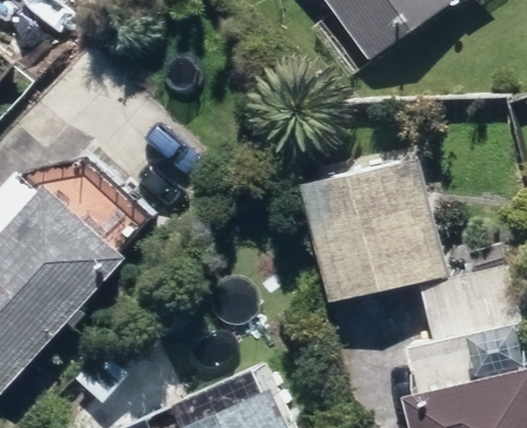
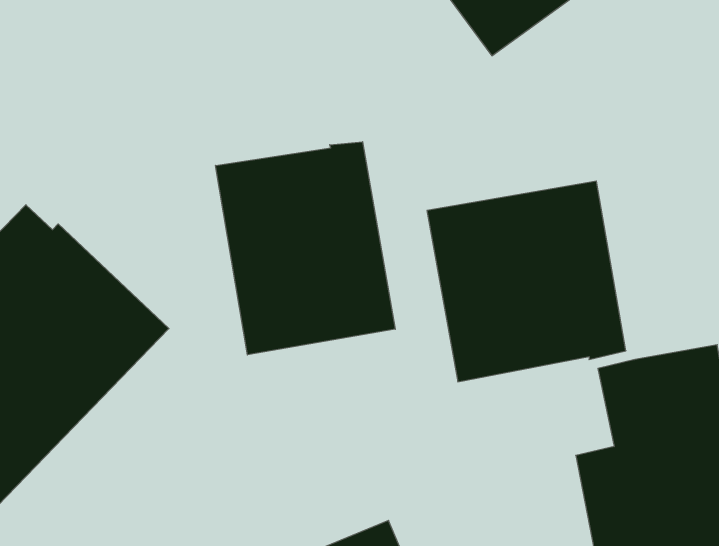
building: none -> [216,142,395,355]

